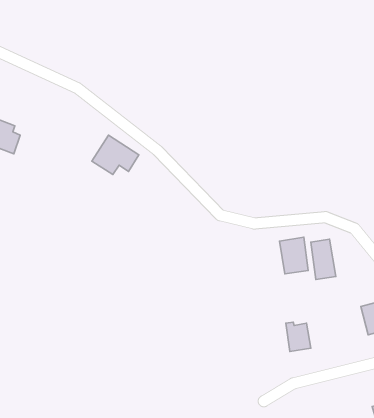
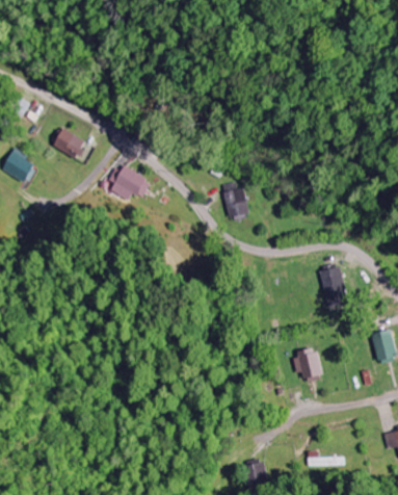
building: none -> [52,127,85,158]
building: none -> [224,182,248,216]
building: [280,237,308,274] -> none

